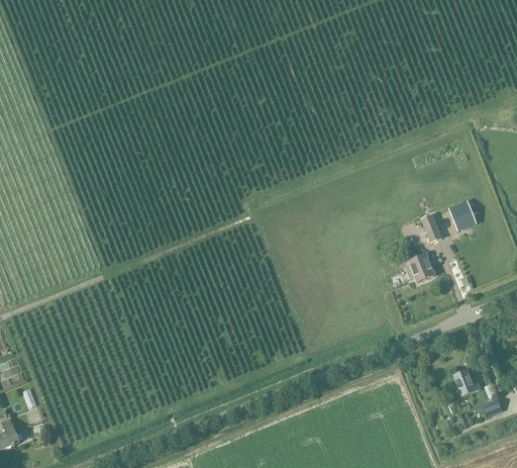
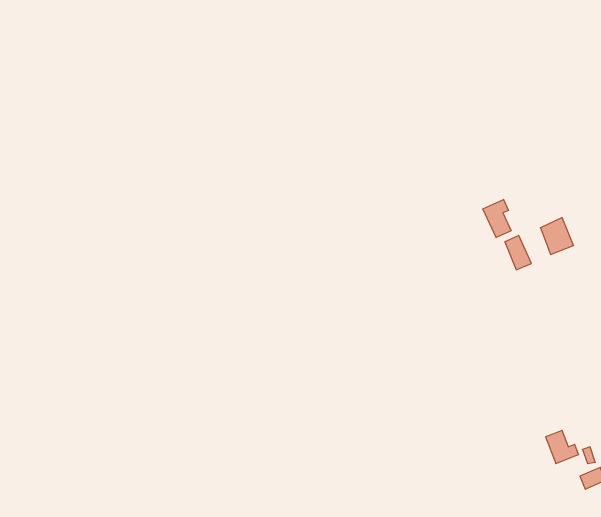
building: none -> [483,199,511,238]
building: [405,254,434,282] -> none

